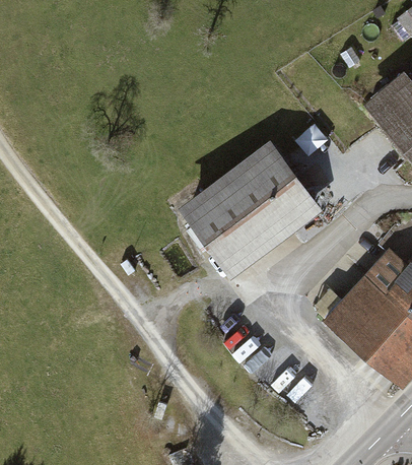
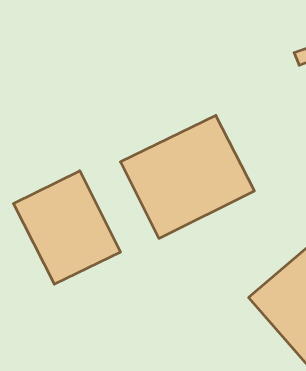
building: none -> [13,171,120,284]

